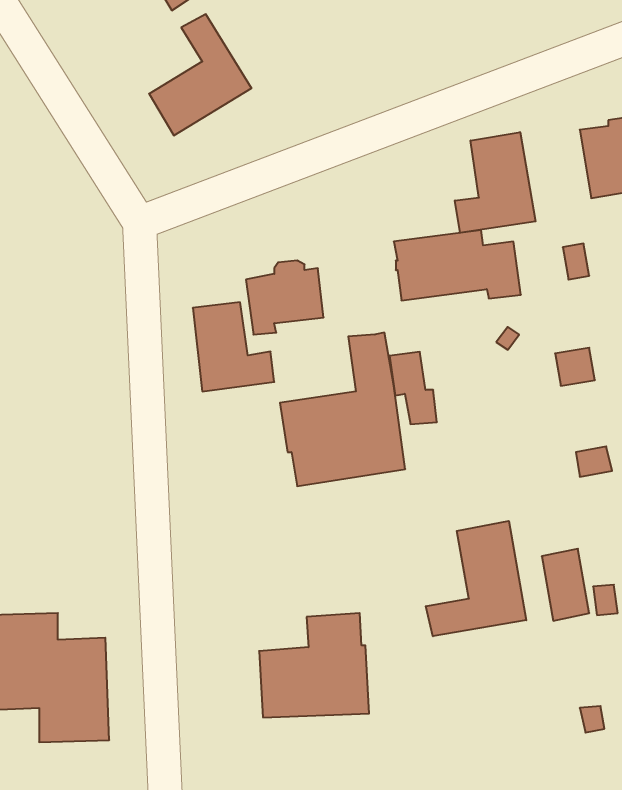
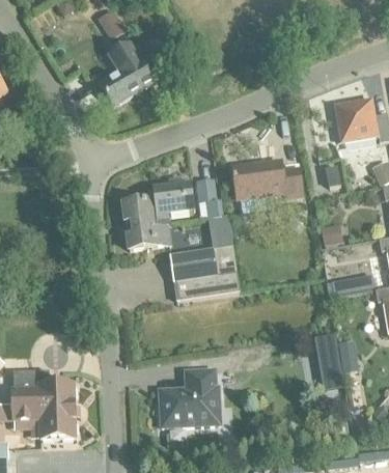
building: [455,132,536,233] -> none
building: [390,352,437,424] -> [196,177,222,217]
building: [426,521,526,636] -> none

